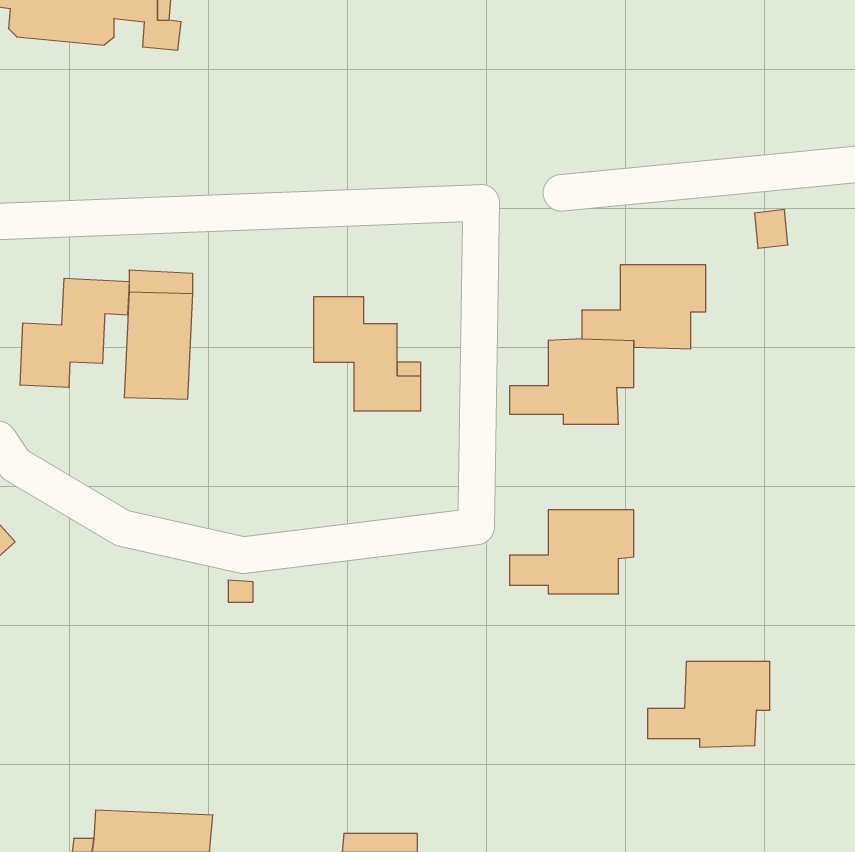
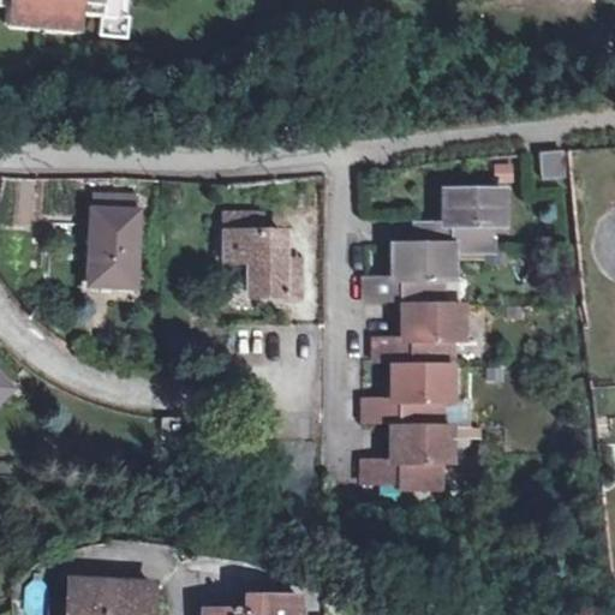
building: [20,278,129,388] -> none
building: none -> [376,304,464,365]
building: [648,662,770,747] -> [365,425,453,486]

